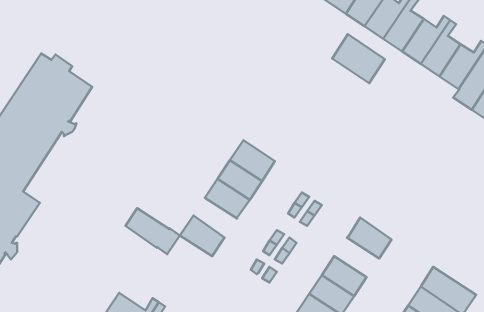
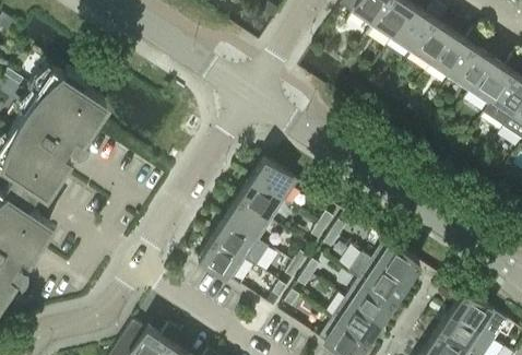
building: [332,34,385,83] -> none
building: [126,208,180,254] -> [213,221,270,269]
building: none -> [351,255,407,304]

